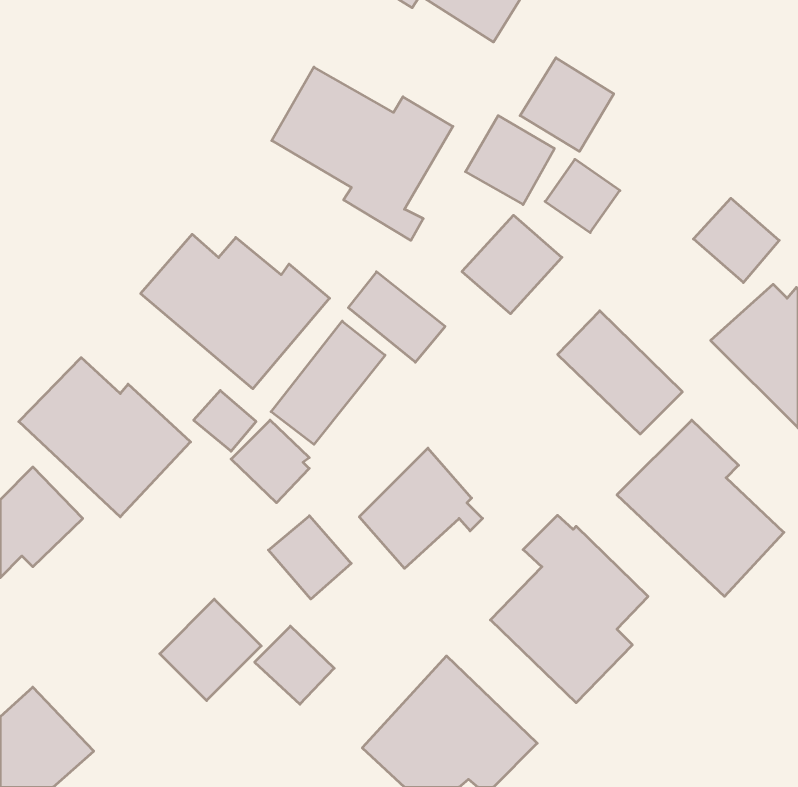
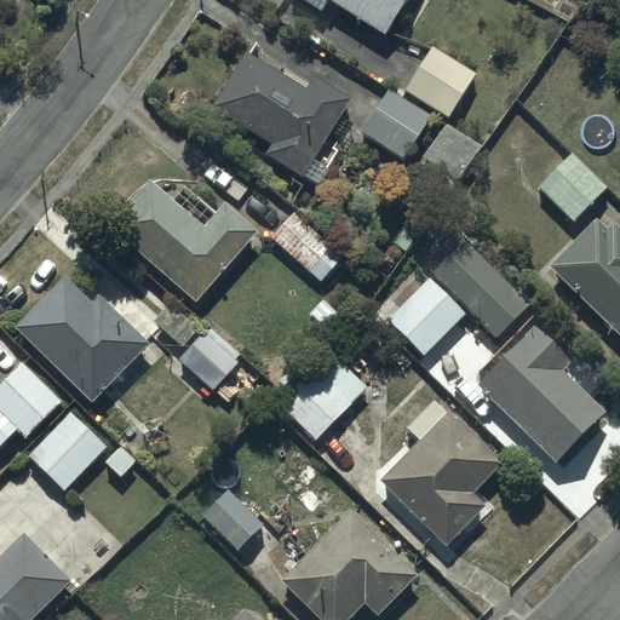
building: [462,215,562,314] -> [386,280,464,356]
building: [271,321,385,444] -> none
building: [268,516,351,599] -> none
building: [160,599,261,701] -> [28,409,107,488]

